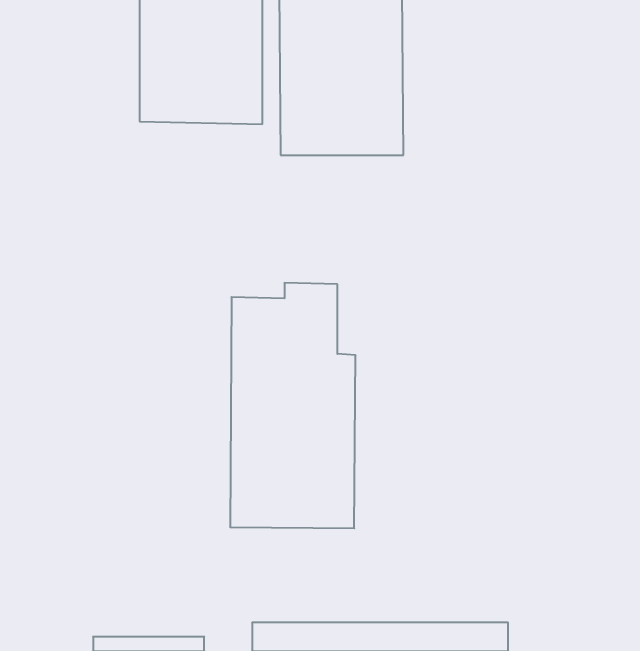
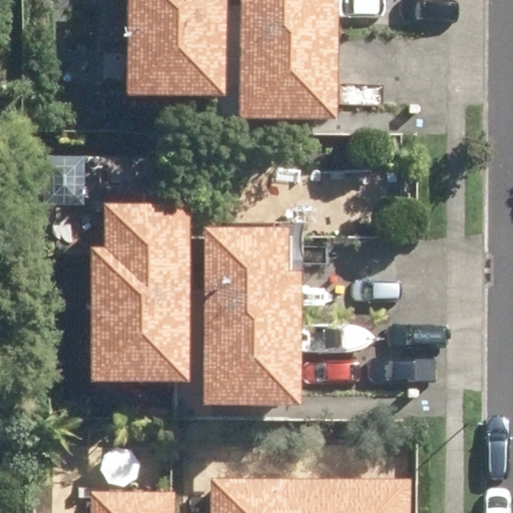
building: none -> [84,203,182,385]

